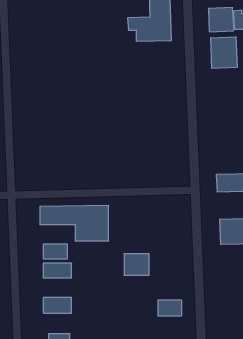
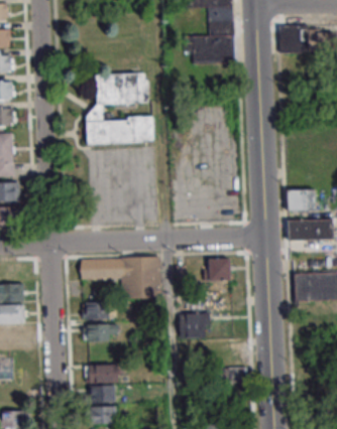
building: [211,37,237,68] -> none
building: none -> [91,74,153,144]
building: none -> [286,190,314,211]
building: none -> [207,259,229,281]
building: none -> [89,386,115,403]

